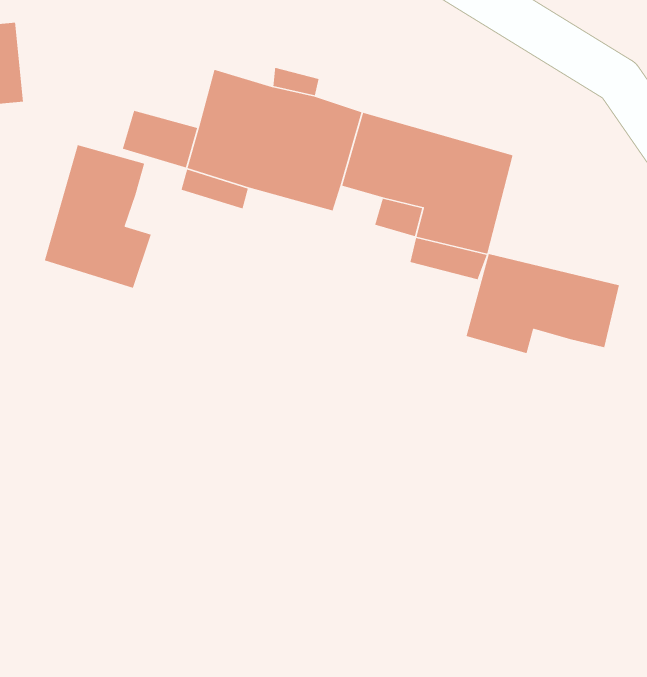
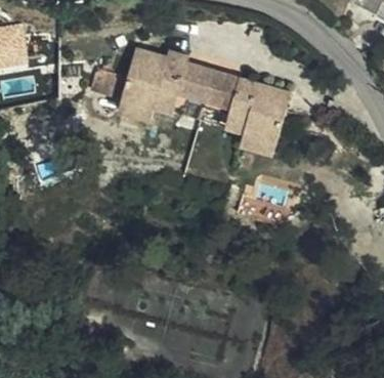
building: [44,144,152,289] -> none
building: [465,253,620,354] -> none

